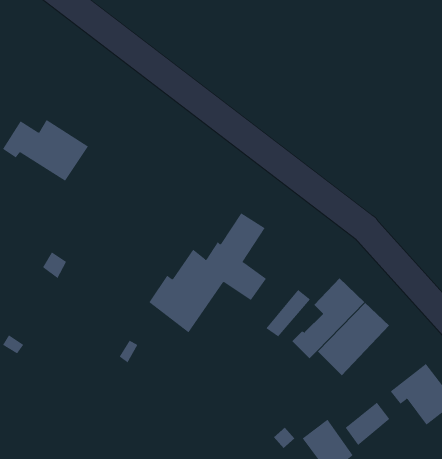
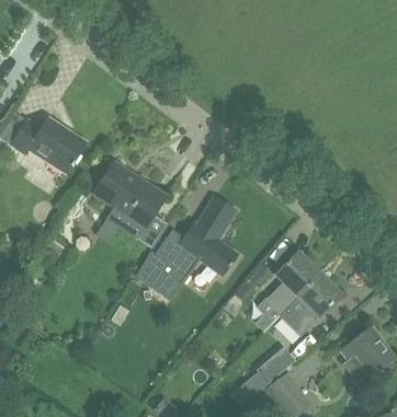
building: none -> [94,164,166,245]
building: [345,402,390,446] -> [256,346,294,383]

